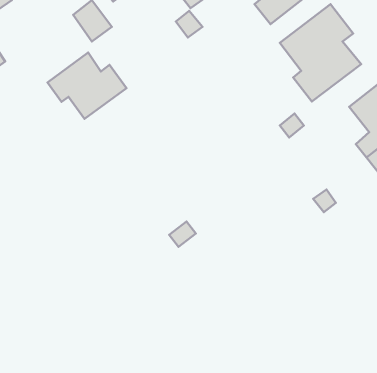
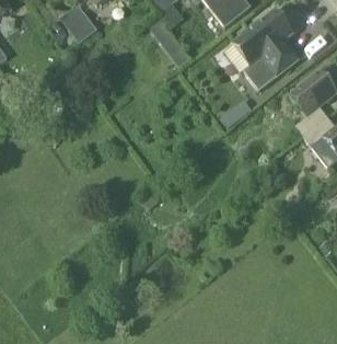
building: [48,53,126,119] -> none

